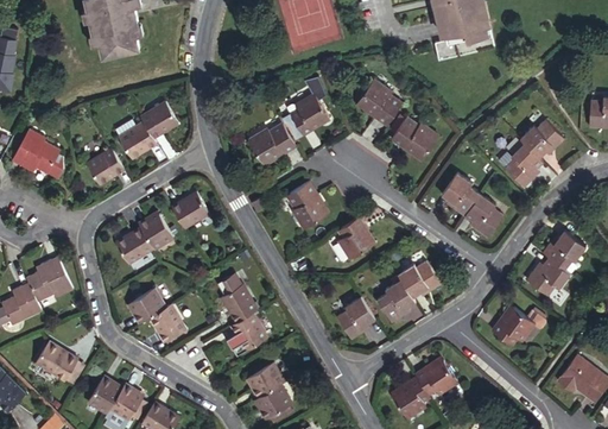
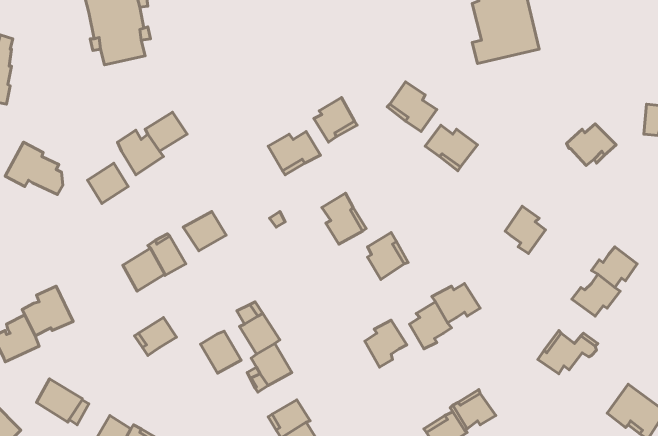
building: [504,138,542,181] -> none
building: [439,169,479,213] -> none
building: [150,307,186,345] -> [200,331,241,373]

